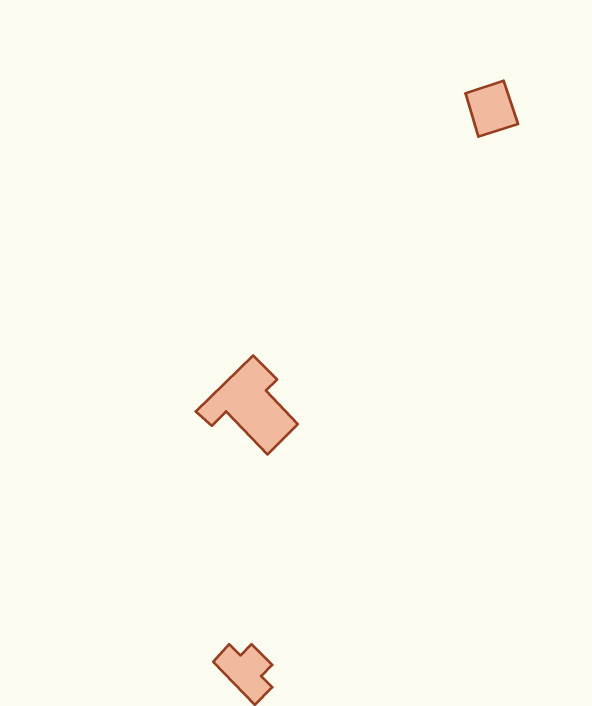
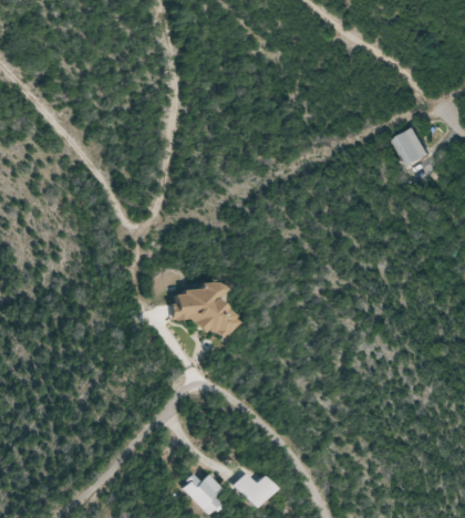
building: [465,81,518,137] -> [395,130,432,168]
building: none -> [231,473,277,510]

